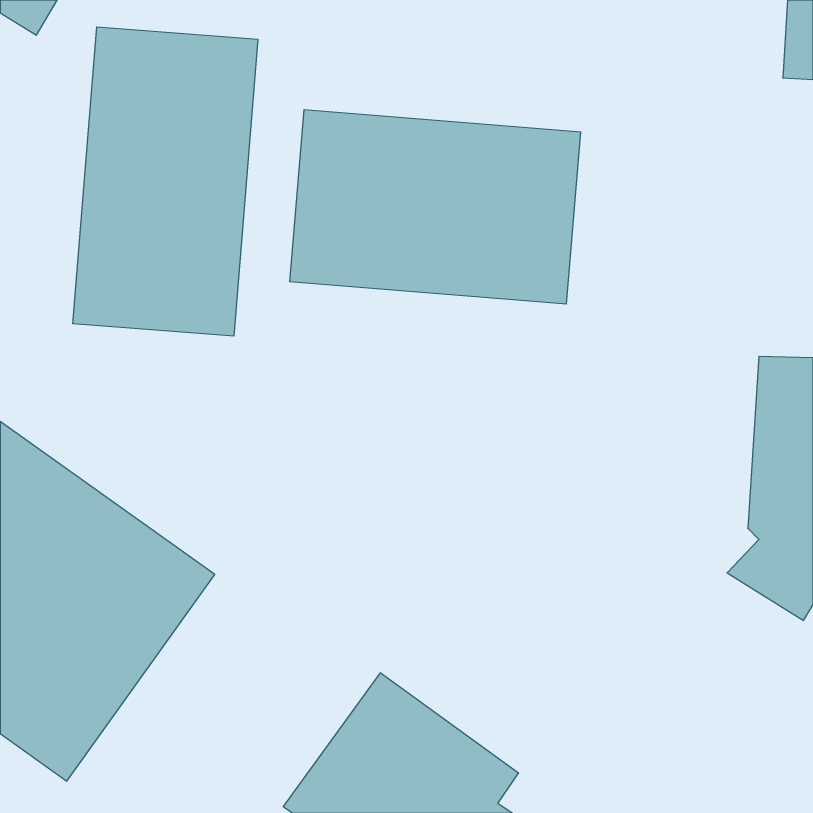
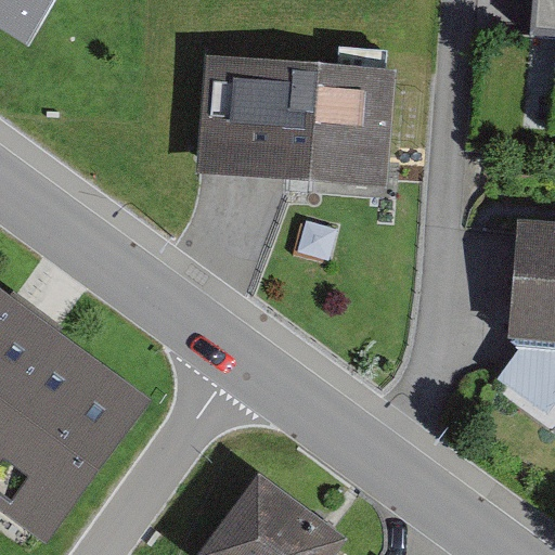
building: [73,27,258,336] -> none

